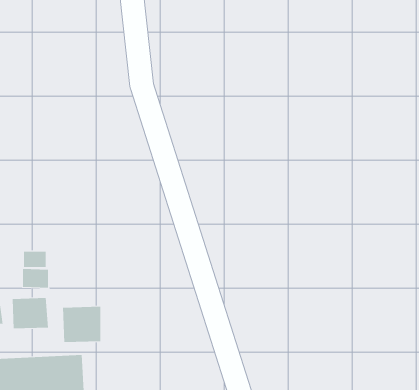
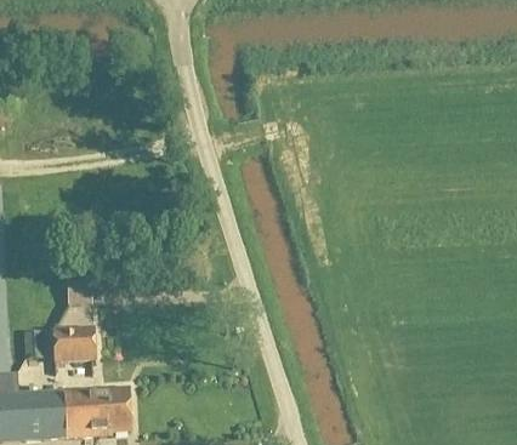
building: [63,306,101,343] -> none

